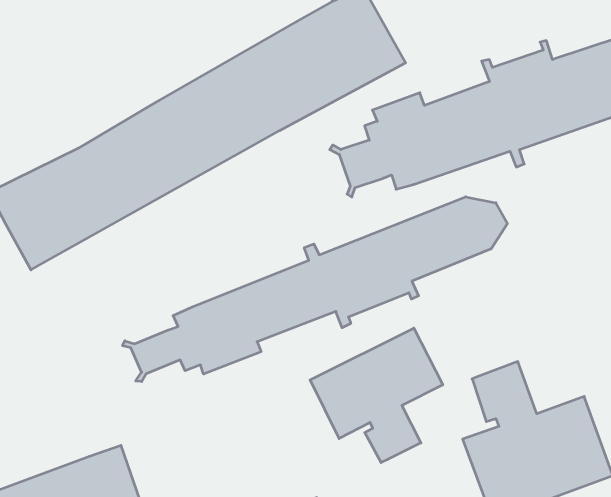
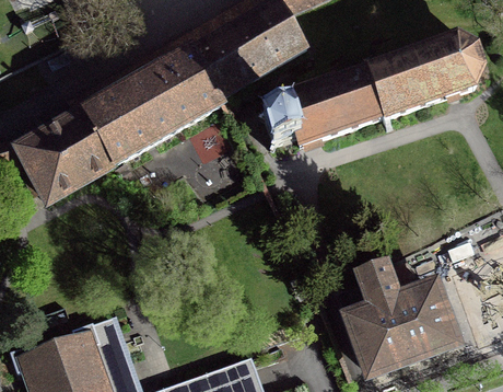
building: [123,197,507,382] -> none
building: [310,328,443,463] -> none

